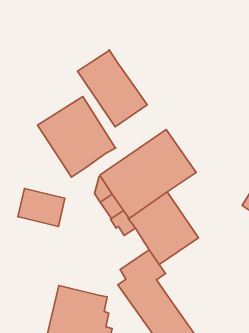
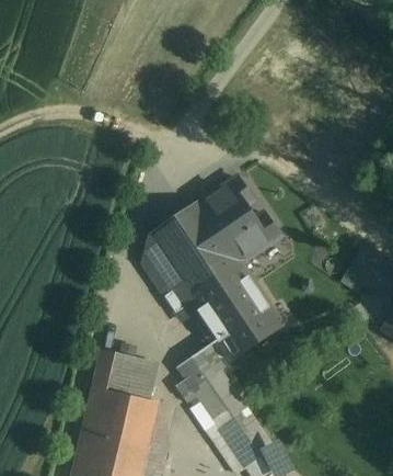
building: [77,50,147,127] -> none
building: [38,96,116,177] -> none
building: [18,188,65,226] -> [93,350,157,401]

